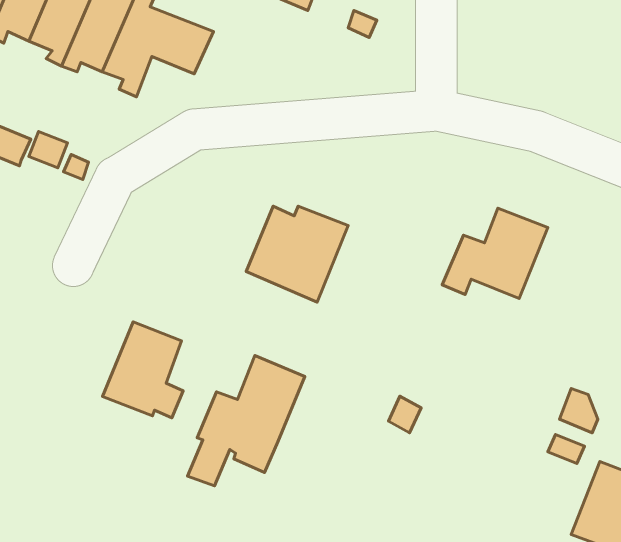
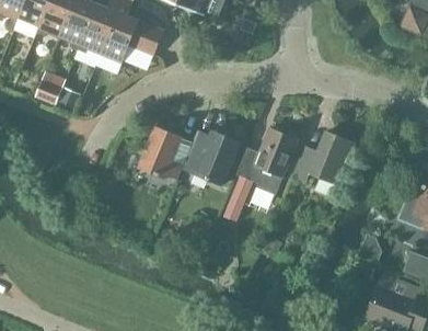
building: [103,322,183,418] -> [137,125,183,180]
building: [188,355,305,486] -> [231,127,298,202]

